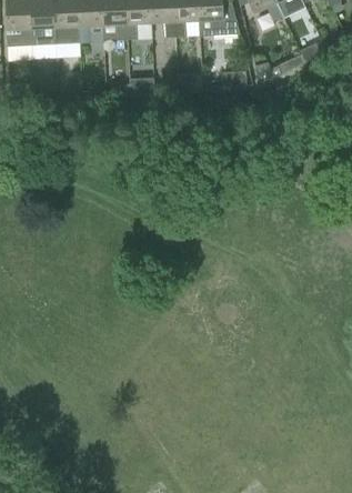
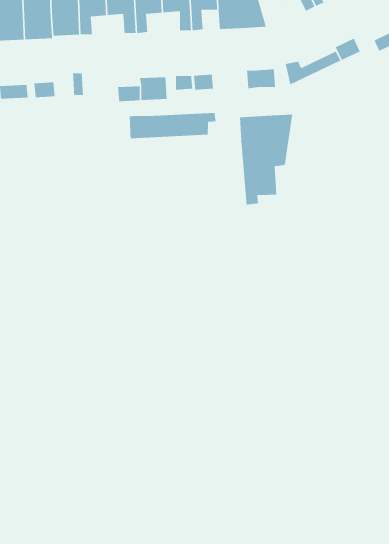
building: none -> [129,112,216,139]
building: none -> [239,114,293,205]

